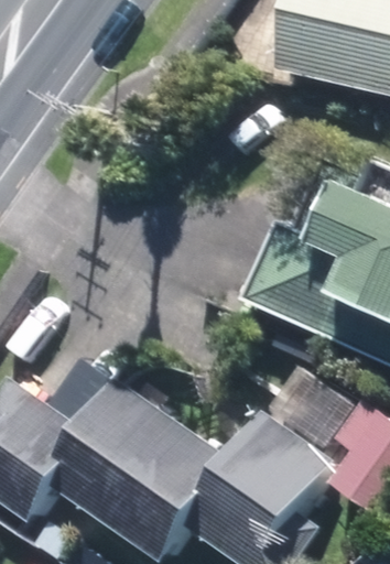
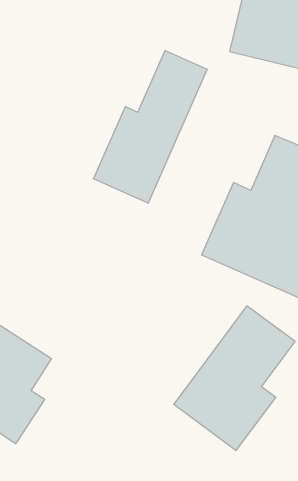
building: none -> [94,50,207,203]
building: [74,378,220,522] -> none

